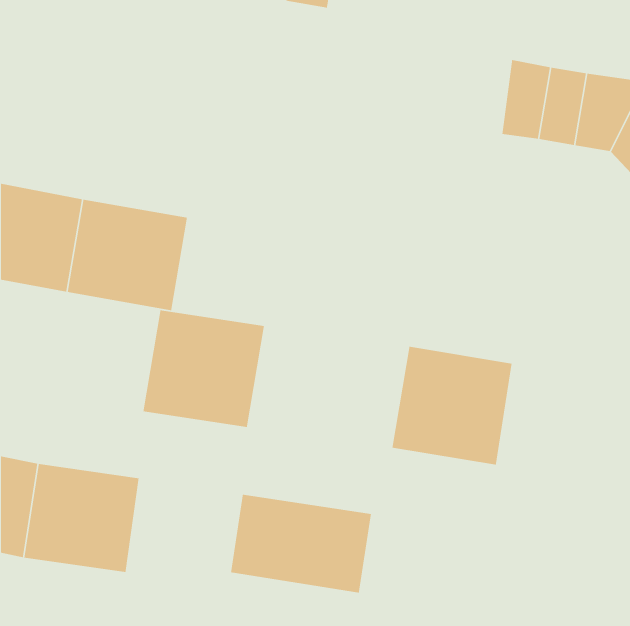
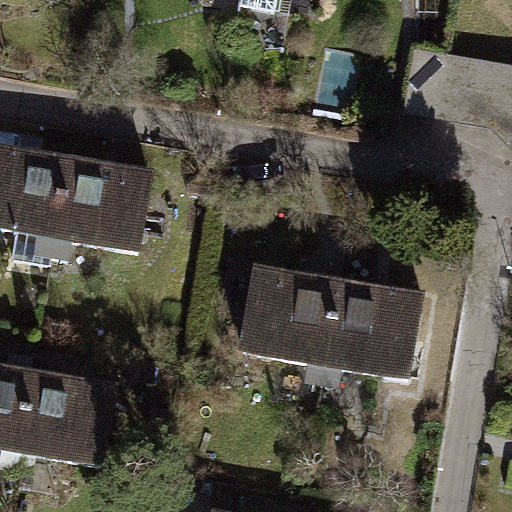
building: [143,309,265,428] -> [233,267,332,363]
building: [230,494,372,593] -> none

